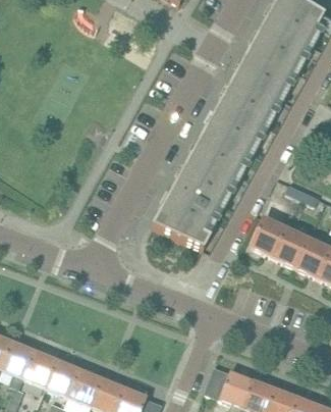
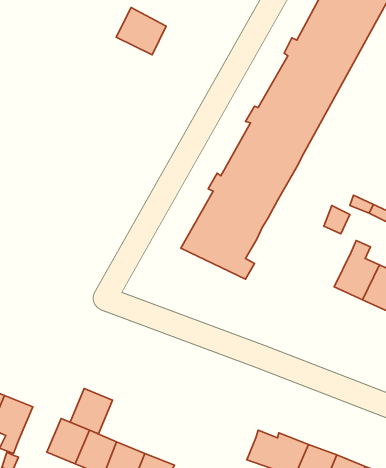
building: none -> [116,7,166,55]
building: [252,218,287,256] -> none
building: [24,351,58,387] -> [70,389,113,434]

